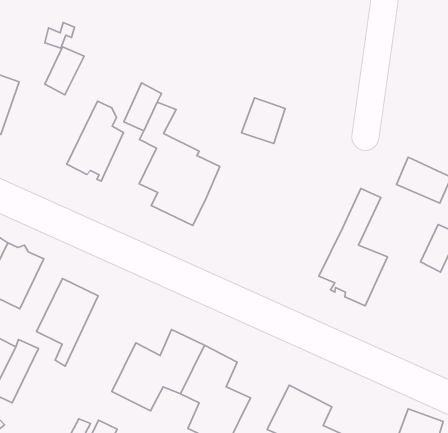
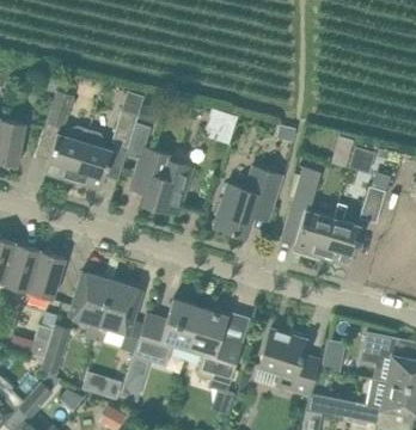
building: none -> [45,125,90,182]
building: none -> [214,165,282,236]
building: none -> [322,203,362,266]
building: none -> [94,281,143,342]

